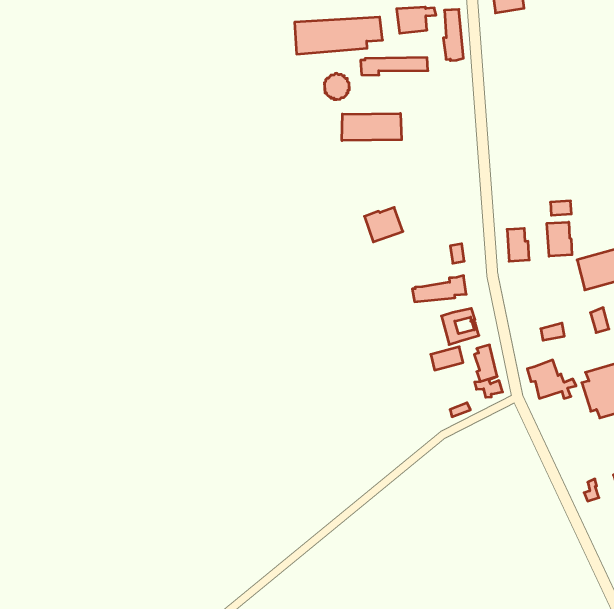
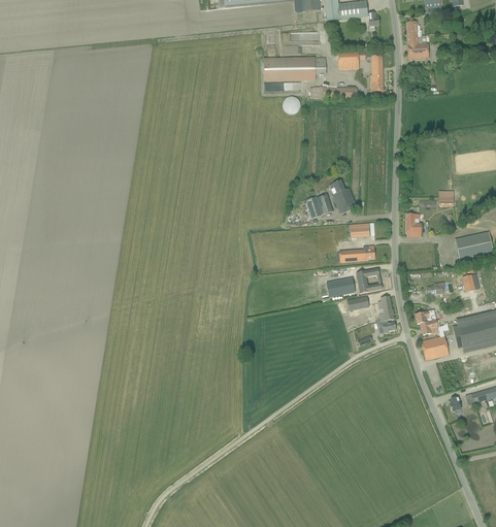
building: [342,113,402,141] -> none
building: none -> [329,179,357,213]
building: [547,222,572,256] -> none
building: none -> [326,277,354,297]
building: none -> [421,335,449,359]

